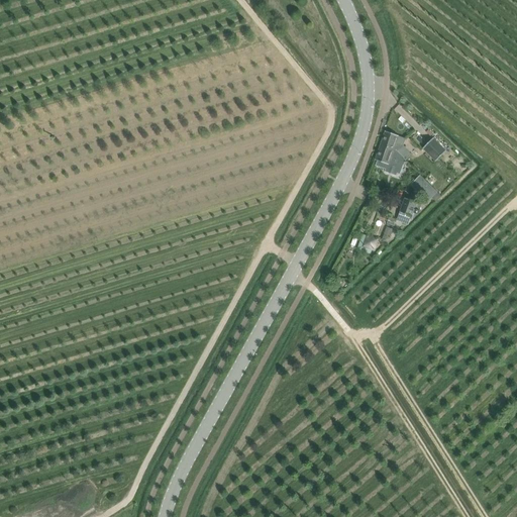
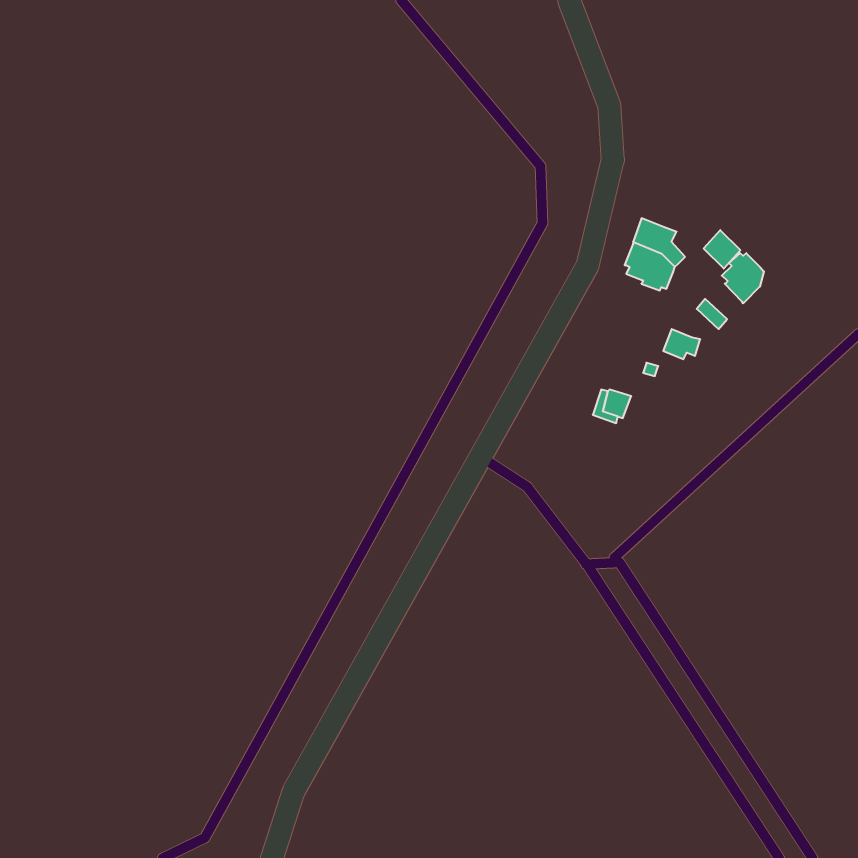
building: none -> [722,253,764,303]

